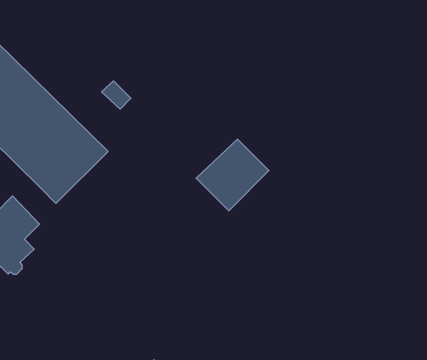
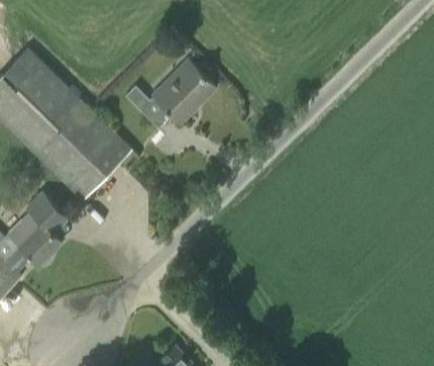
building: [196,139,269,211] -> [148,60,216,126]

